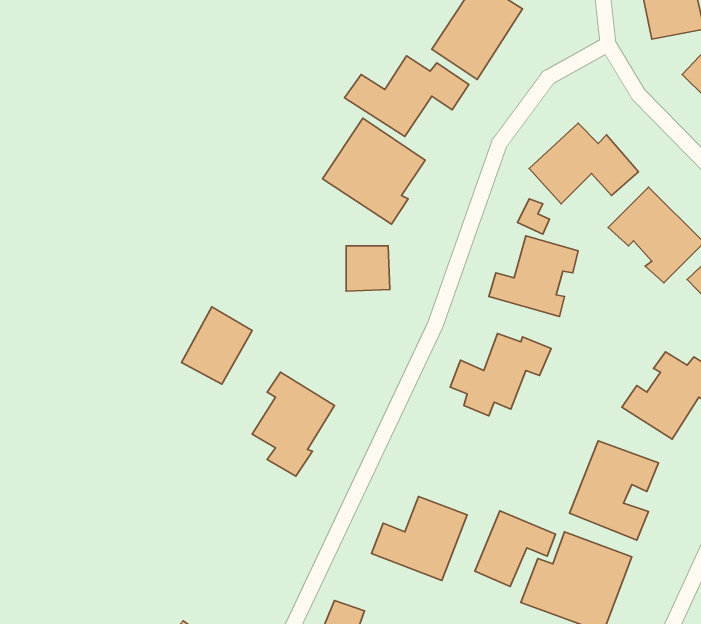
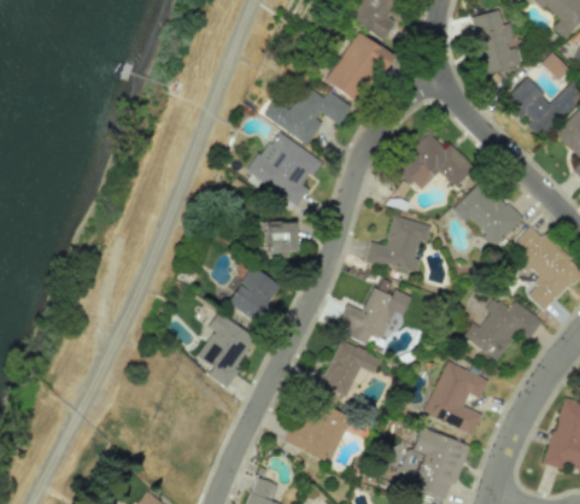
building: [182,307,252,384] -> [229,265,280,321]
building: [475,511,555,586] -> [323,340,381,394]

